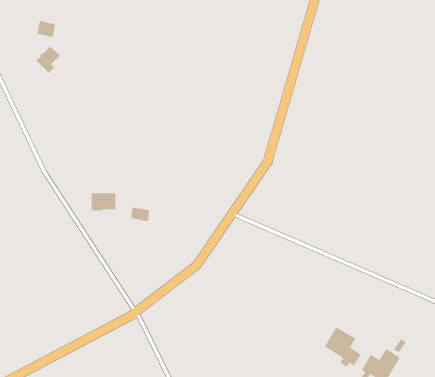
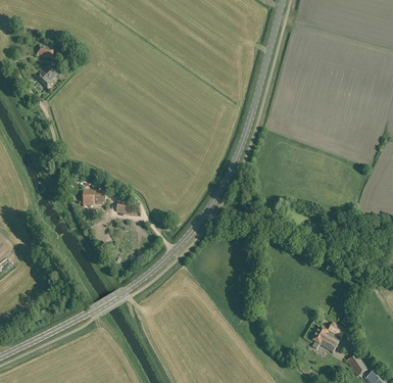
building: [324,327,361,368] -> none

